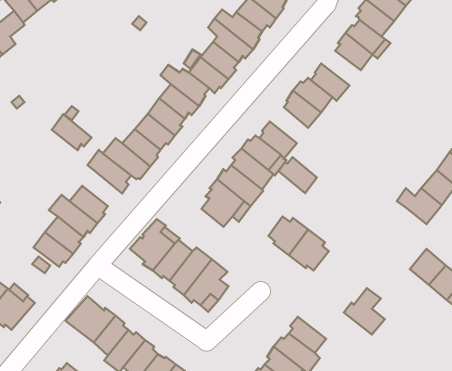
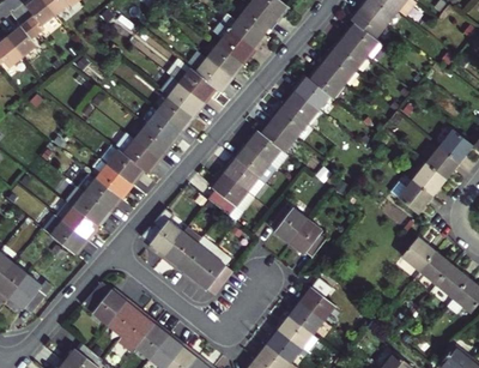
building: none -> [319,53,356,85]
building: [52,114,92,150] -> [96,164,133,198]
building: [278,157,317,193] -> [271,105,307,139]
building: [344,288,385,334] -> [297,278,335,321]

